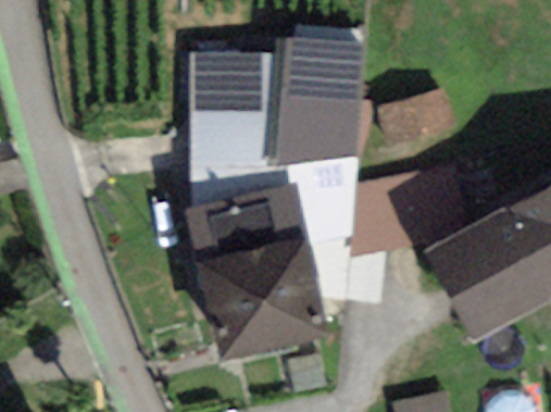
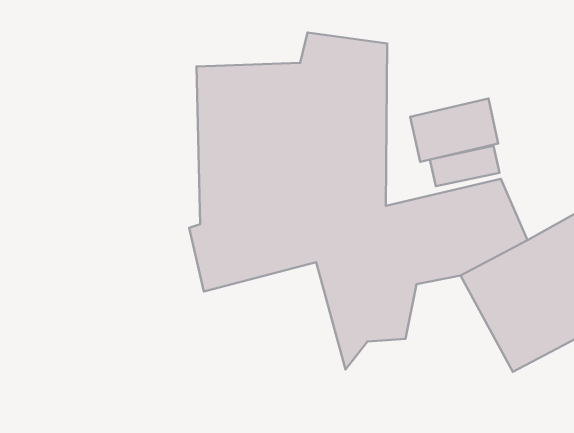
building: [196,235,322,358] -> none

